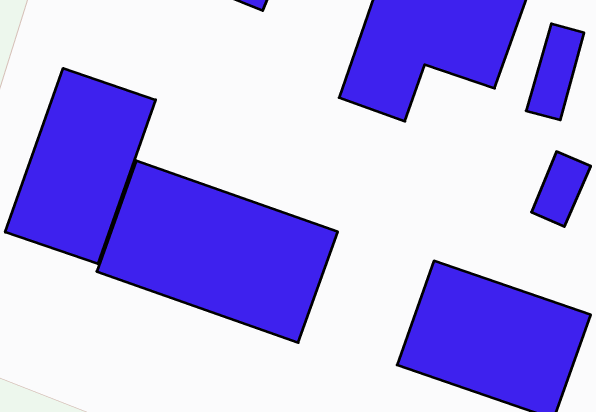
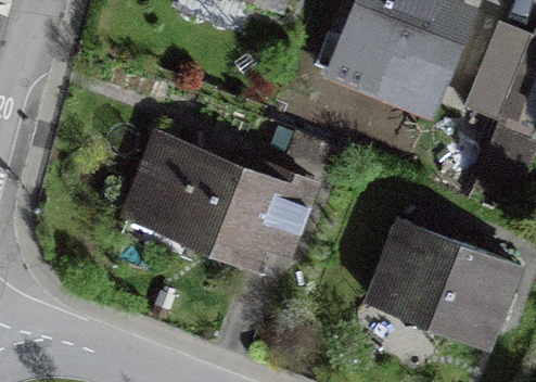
building: [5,68,156,264] -> none

